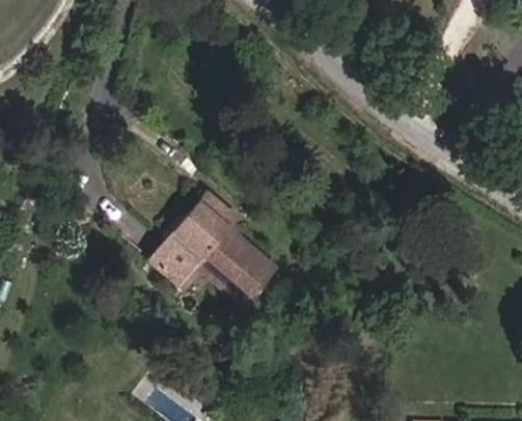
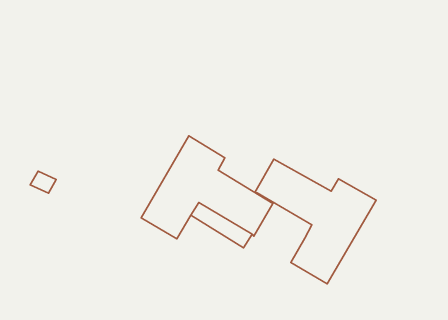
building: none -> [255,159,376,284]

